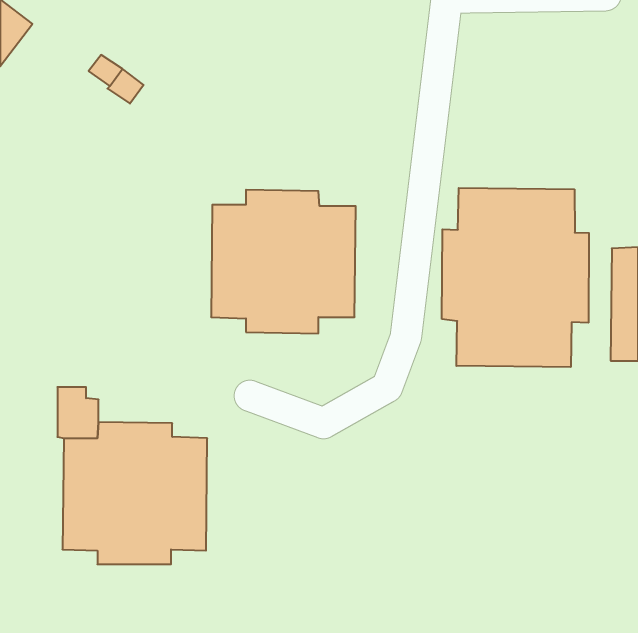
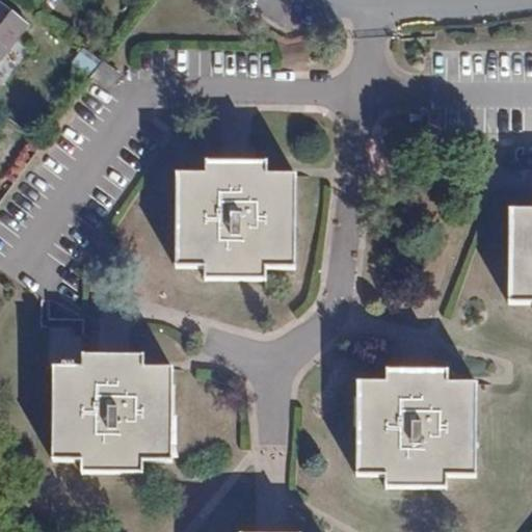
building: [442,188,589,367] -> none
building: none -> [355,367,476,485]

